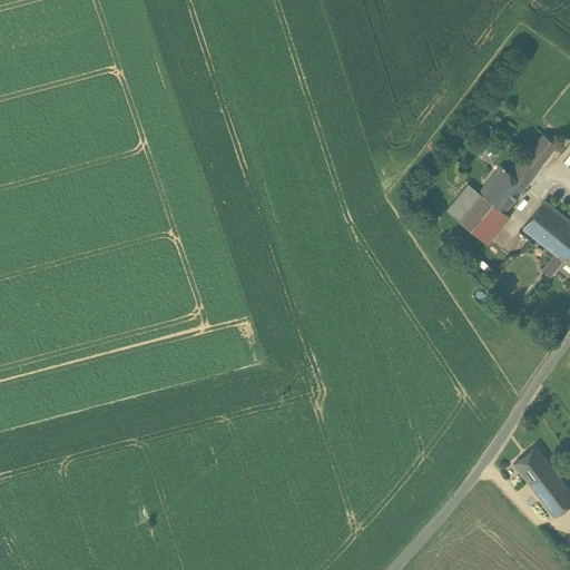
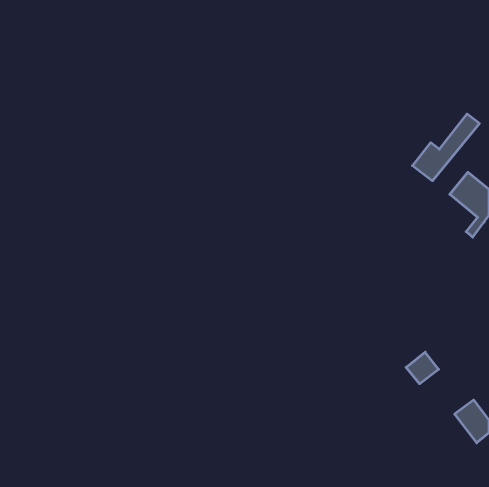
building: [446,185,509,244] -> none
building: [513,448,551,484] -> [406,352,439,384]

